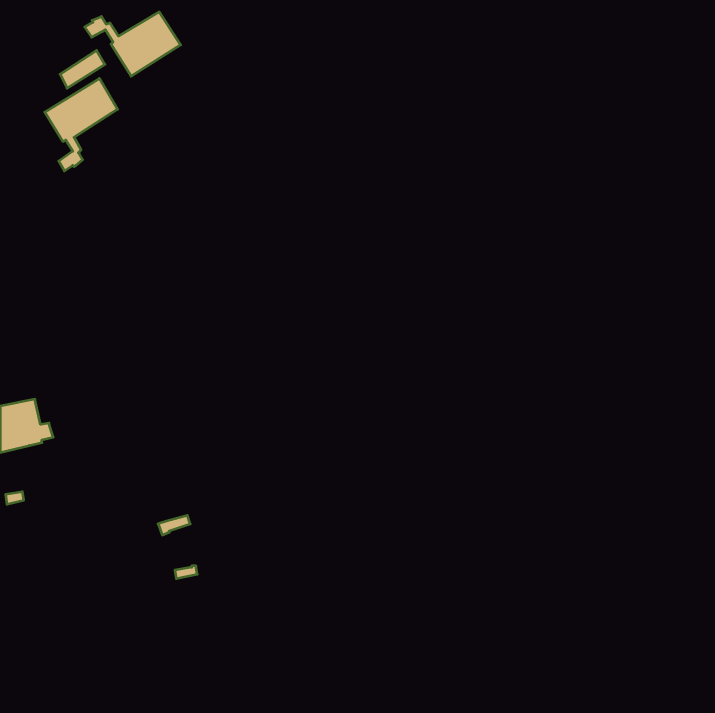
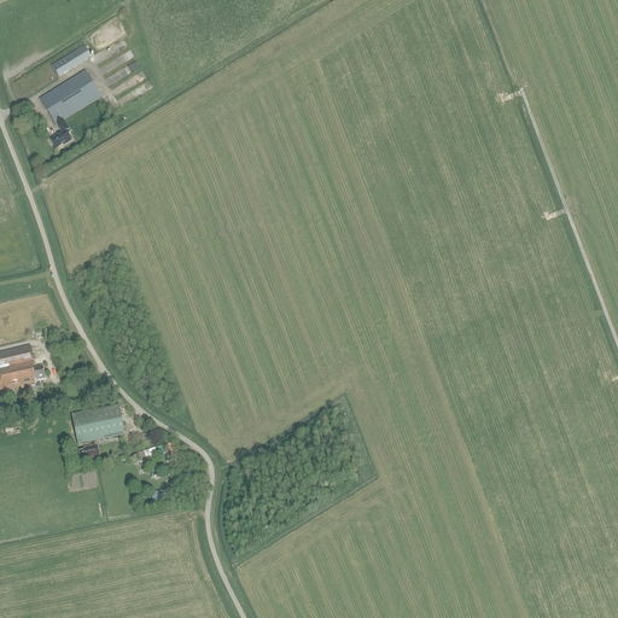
building: [85,12,181,76] -> none
building: none -> [71,403,126,459]

